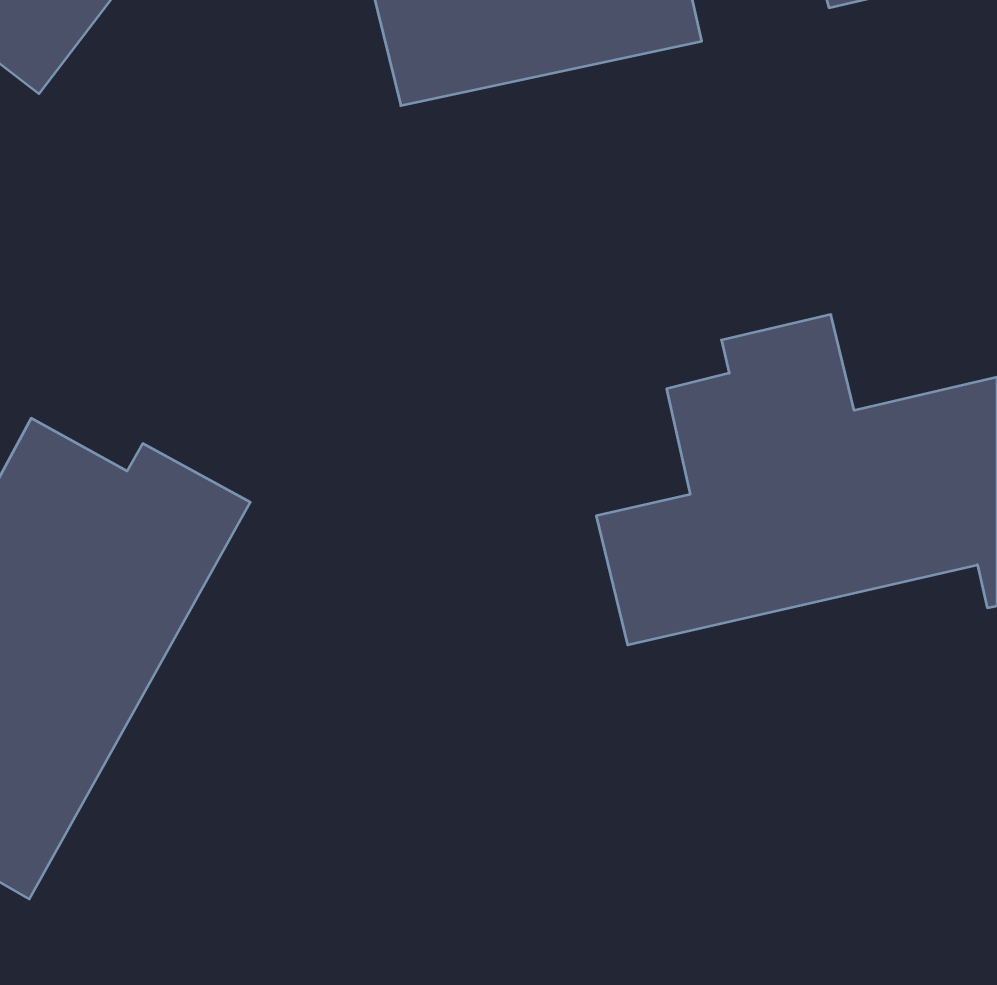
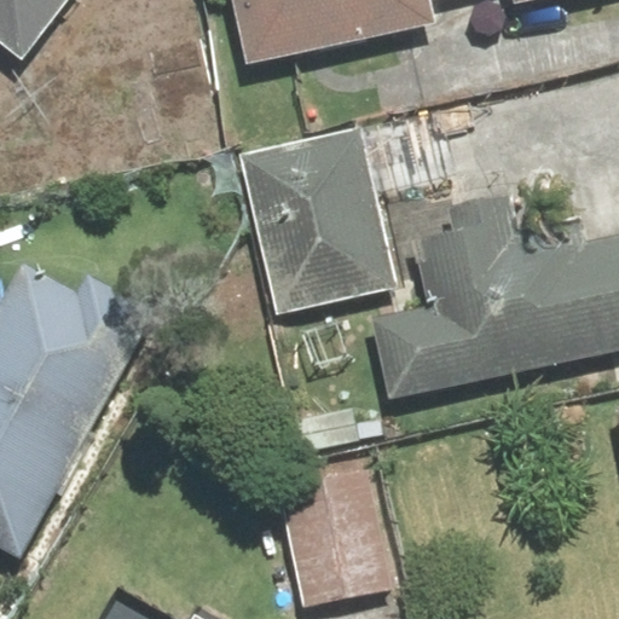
building: none -> [239,127,395,314]
building: none -> [279,469,392,602]

